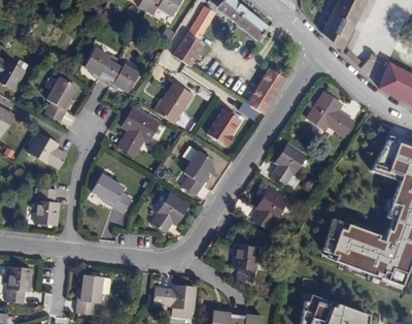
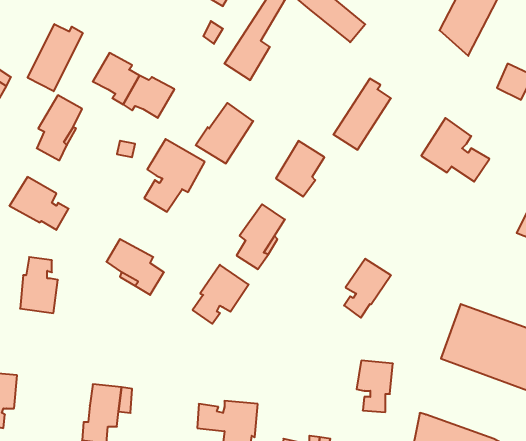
building: none -> [28,24,83,91]
building: [273,143,305,189] -> none
building: [233,246,258,281] -> [357,361,393,412]

